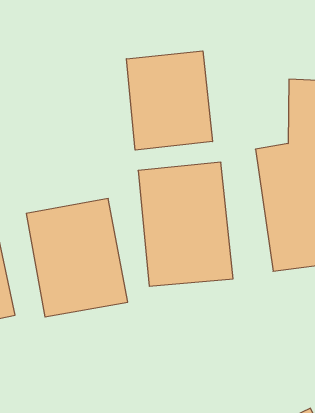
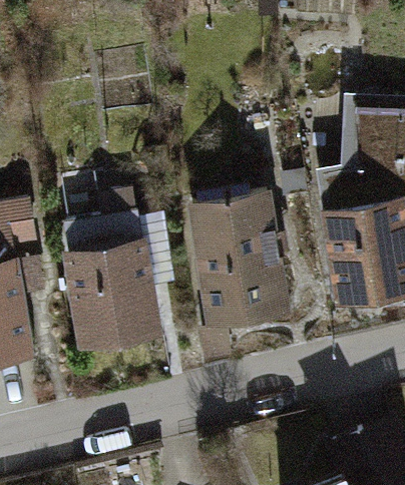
building: [126,51,212,150] -> none

